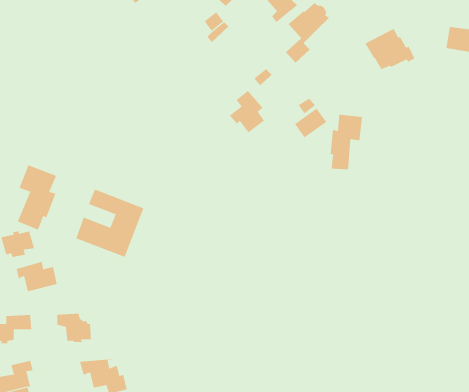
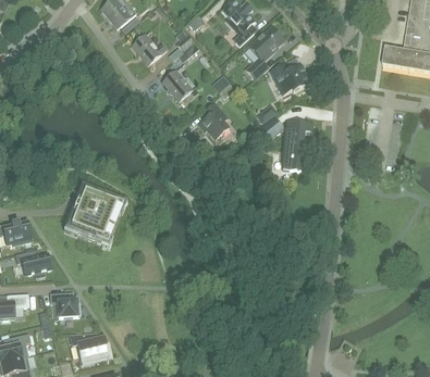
building: none -> [132,33,167,64]
building: [364,28,415,70] -> [270,56,314,92]
building: none -> [162,70,193,100]
building: [17,164,57,231] -> none

